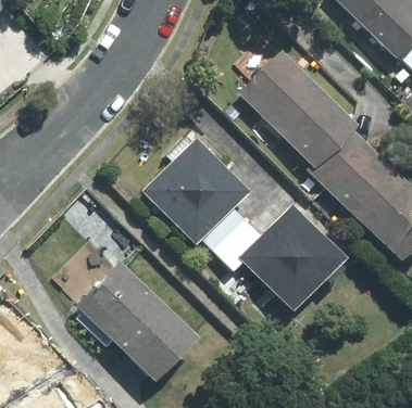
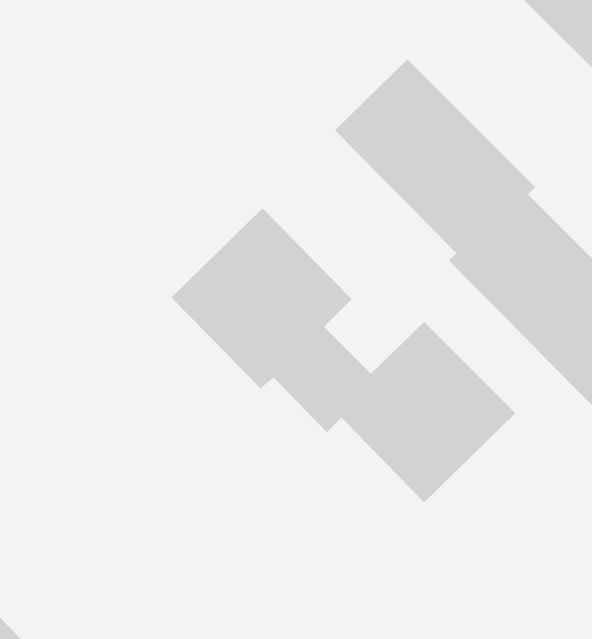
building: [76,260,198,382] -> none

